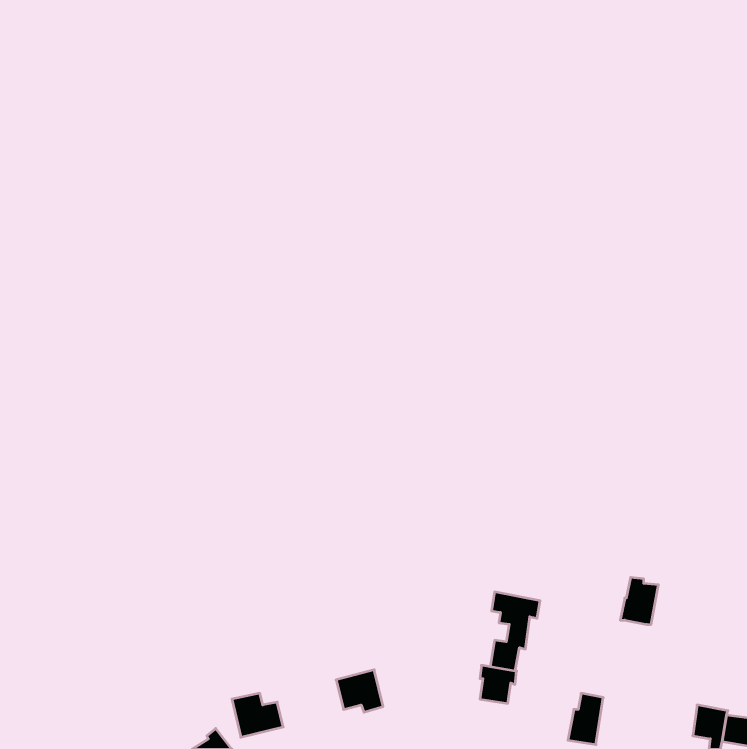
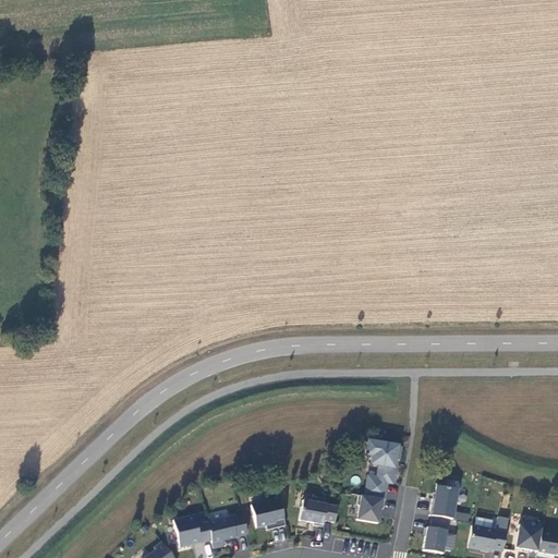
building: [620,577,658,624] -> [430,483,459,518]
building: none -> [300,499,339,525]
building: none -> [208,514,247,547]
building: none -> [469,525,508,551]

